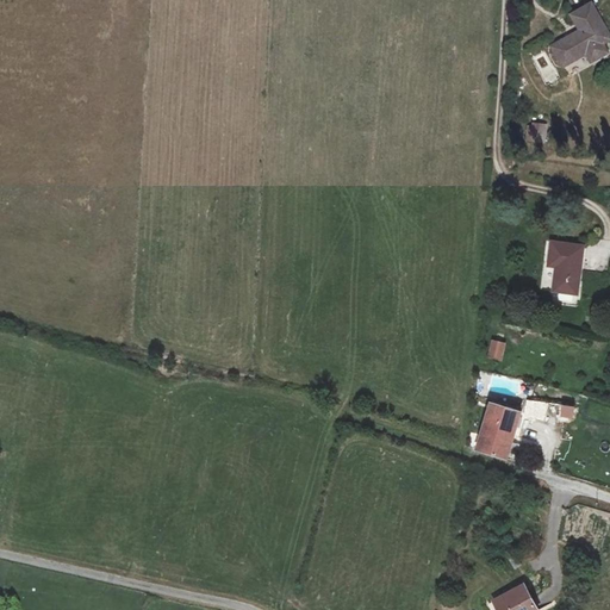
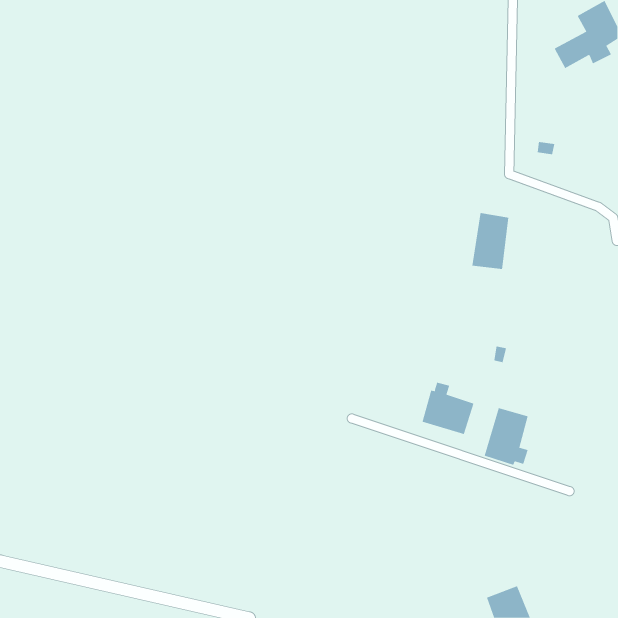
building: [547,239,584,295] -> [472,213,509,269]
building: none -> [422,382,474,435]

